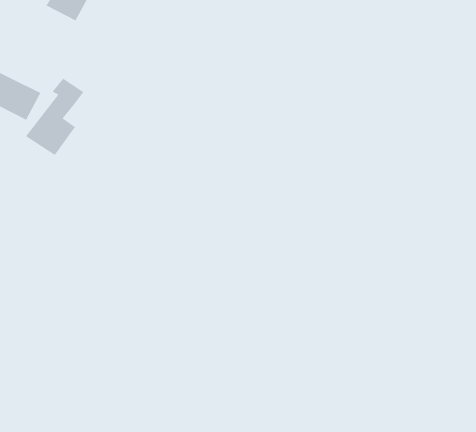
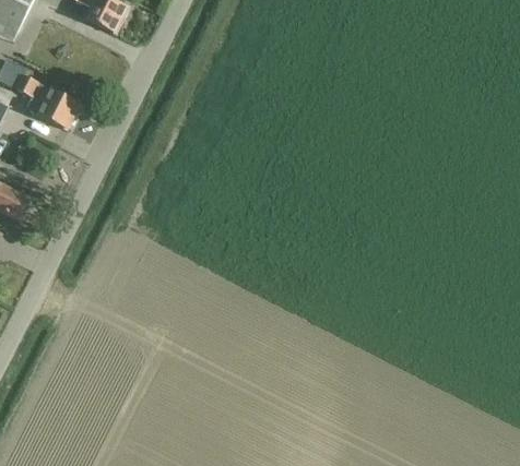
building: [25,78,84,156] -> none

